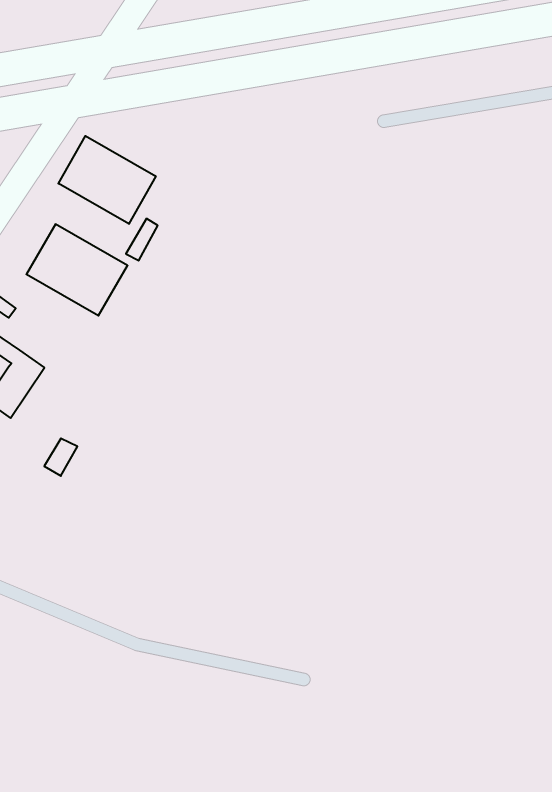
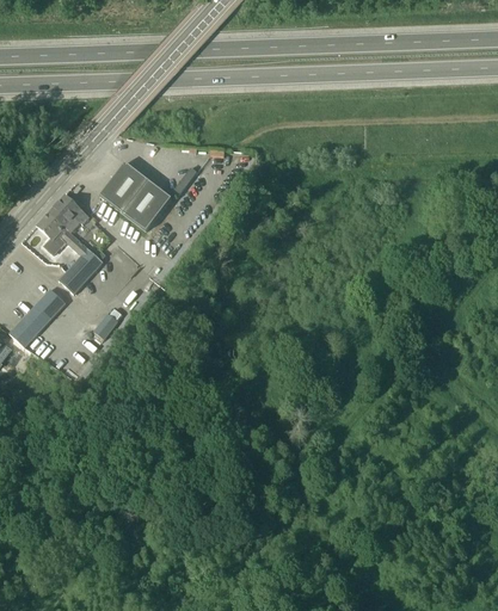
building: [58,136,156,224] -> none

